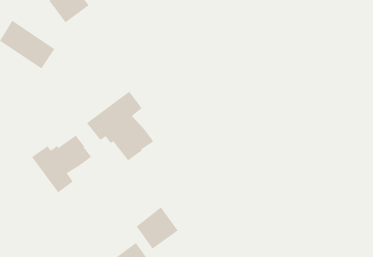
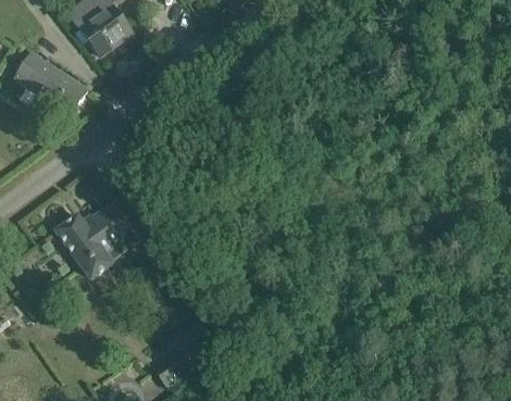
building: [86,91,154,161] -> none
building: [135,207,179,249] -> none

